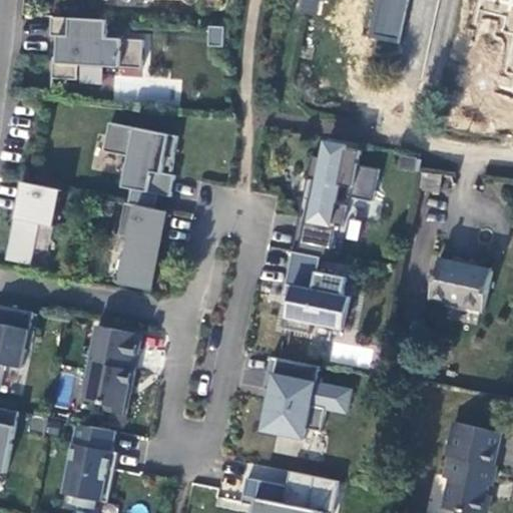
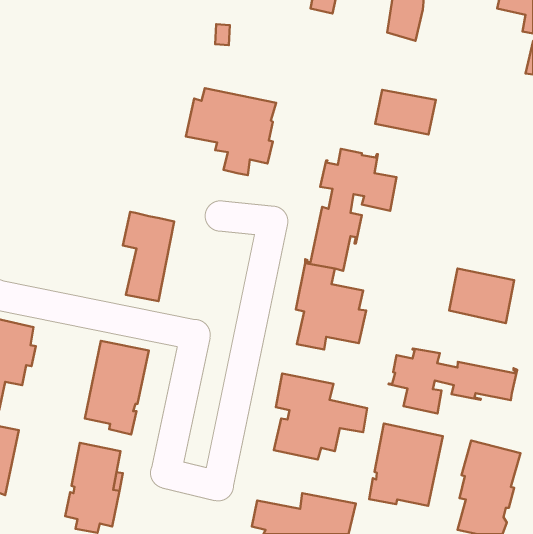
building: [49,16,142,79] -> none
building: none -> [375,90,436,135]
building: [93,125,179,208] -> [186,88,276,175]
building: [6,181,61,264] -> none
building: none -> [389,349,517,414]
building: none -> [369,424,443,506]

